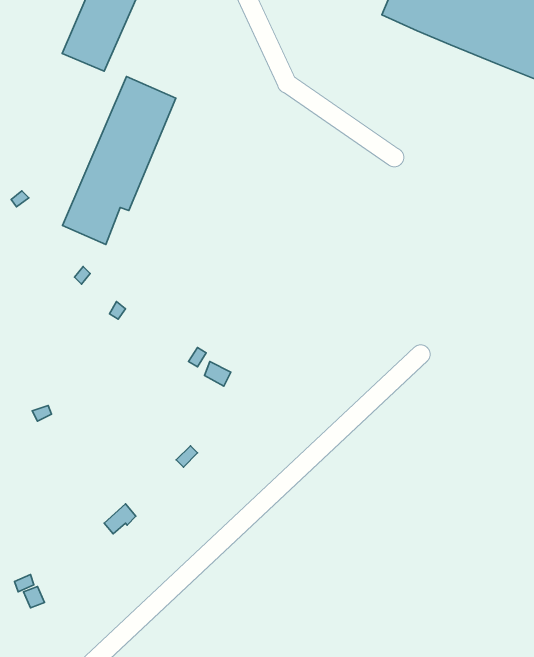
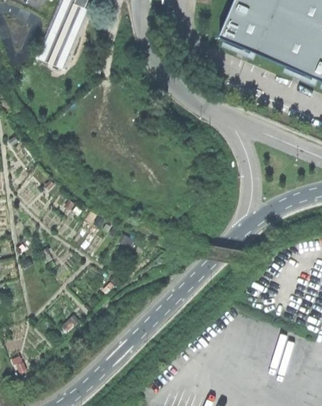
building: [62,76,176,244] -> none

